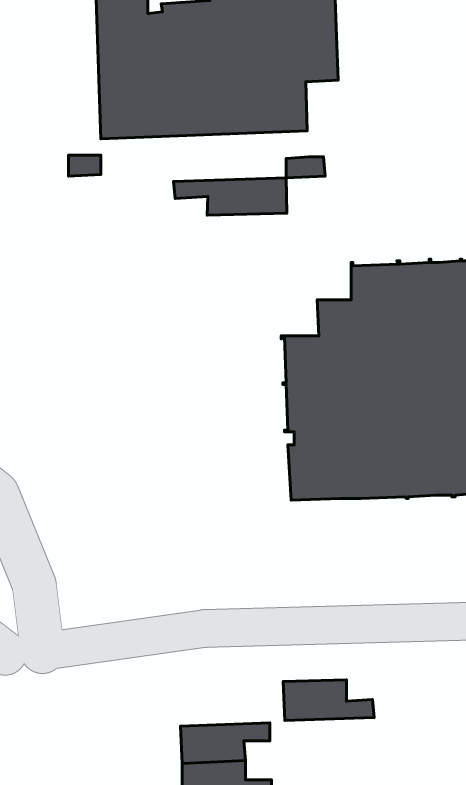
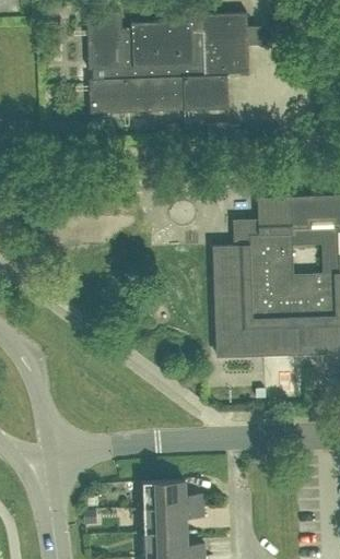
building: [174,178,287,215] -> none
building: [283,680,374,721] -> [142,481,203,509]

